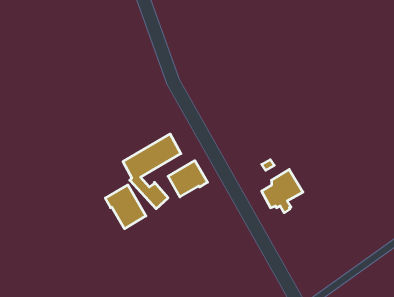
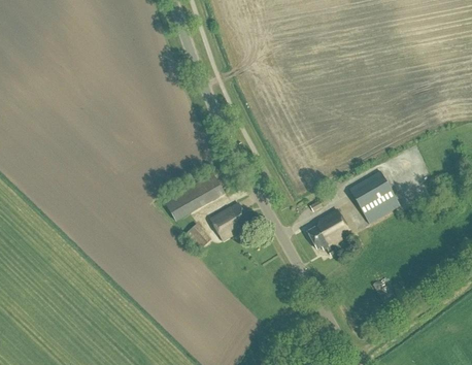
building: none -> [348,170,400,223]
building: [105,185,146,229] -> none

